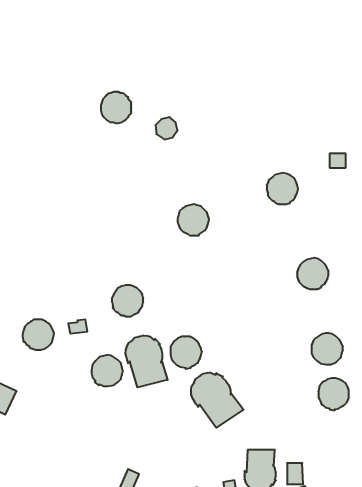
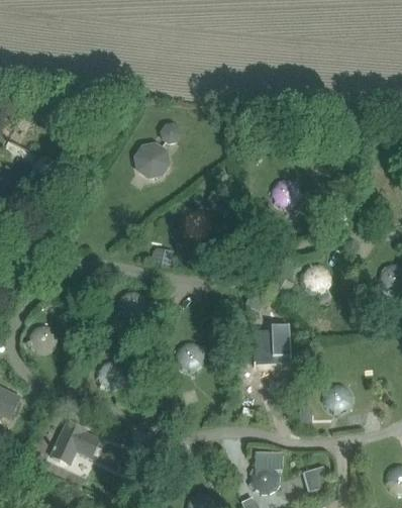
building: [101,92,131,123] -> [137,147,168,179]
building: [312,333,343,364] -> [258,326,289,358]
building: [126,335,168,387] -> none
building: [191,372,244,428] -> none
building: none -> [52,422,99,464]

